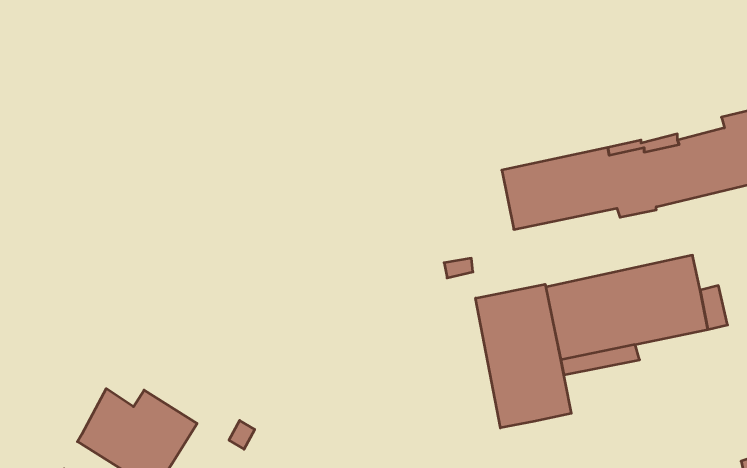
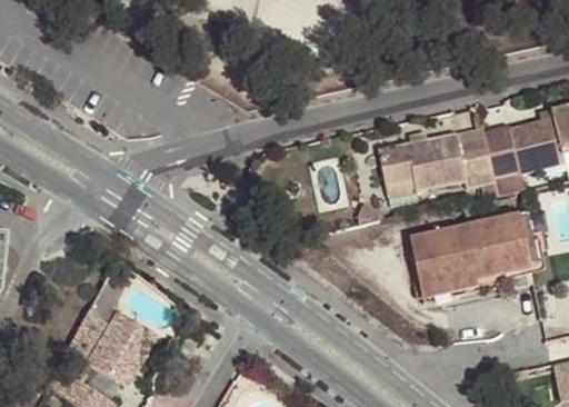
building: [476,284,571,428] -> none

